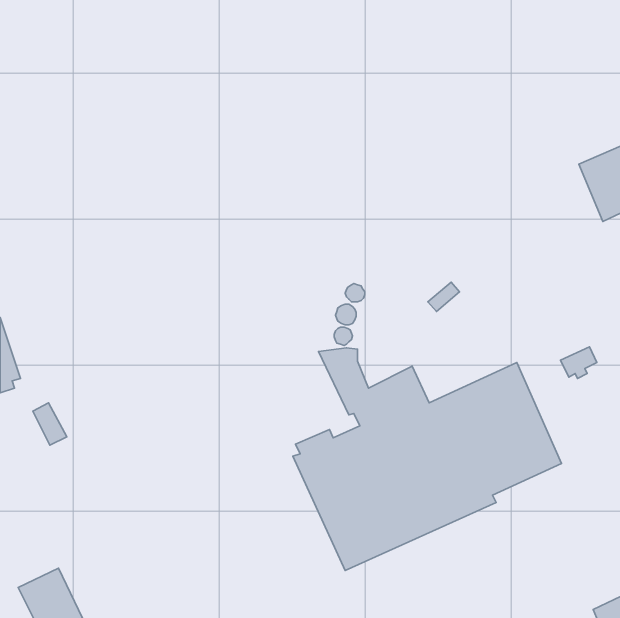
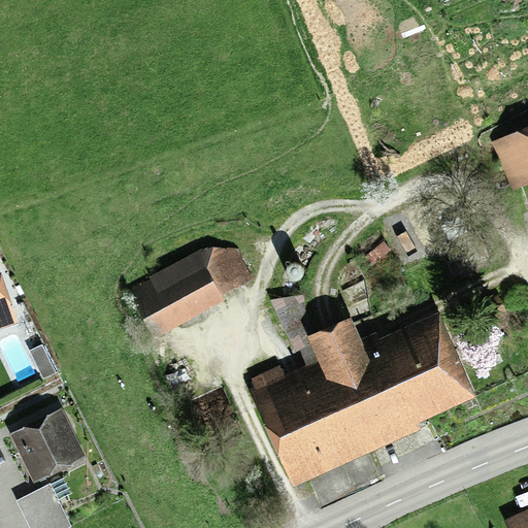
building: none -> [132,246,255,338]
building: none -> [9,411,80,483]

